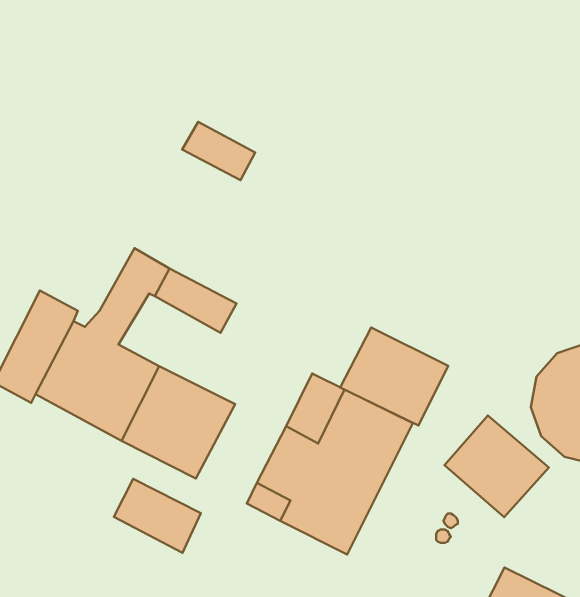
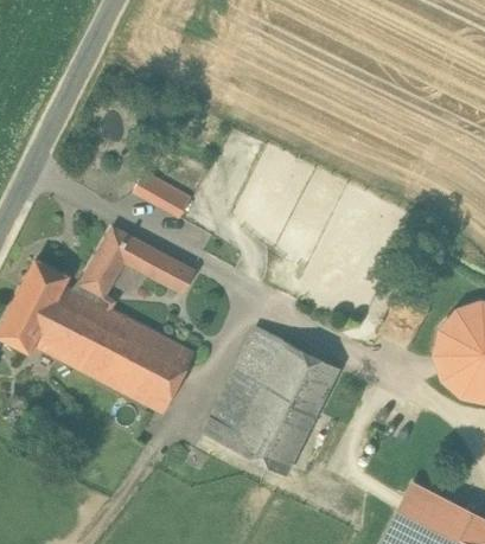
building: [182,122,255,180] -> [133,172,192,219]
building: [340,327,448,426] -> none
building: [445,415,549,517] -> none
building: [114,479,201,553] -> none

